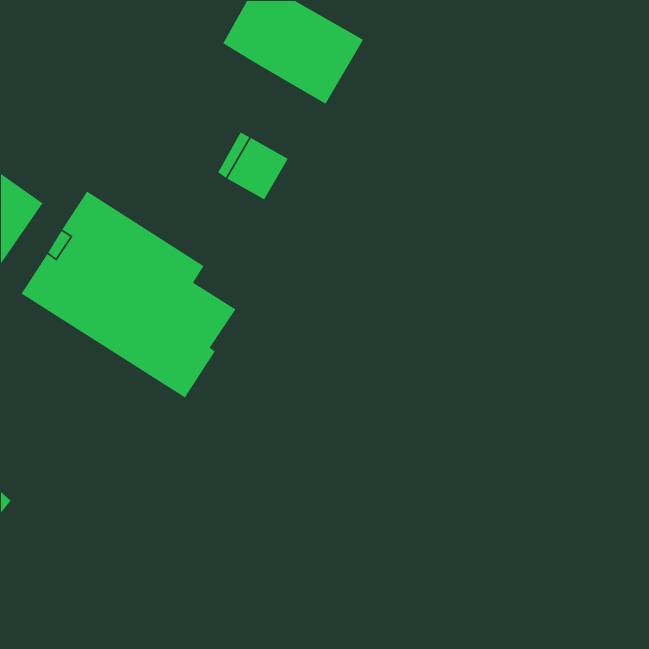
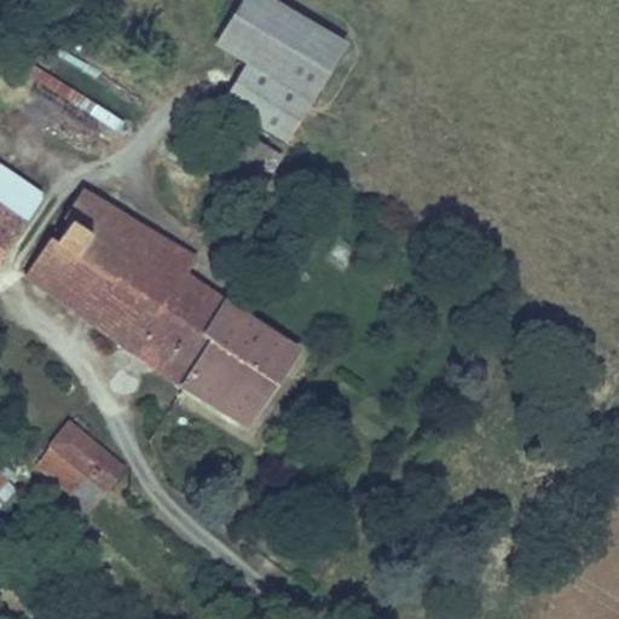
building: none -> [219,64,312,146]
building: none -> [179,296,299,424]
building: none -> [35,421,128,515]

